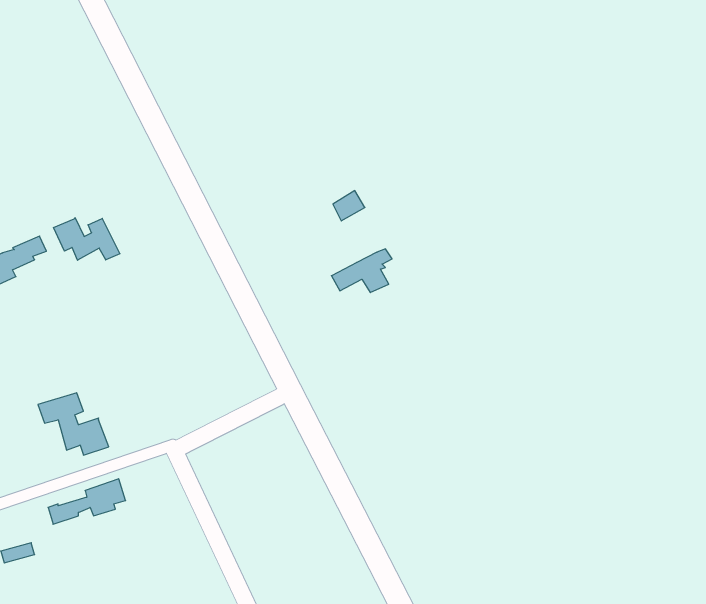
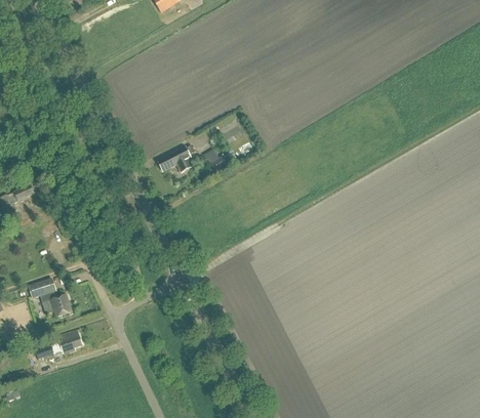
building: [53,218,120,260] -> none
building: [331,249,392,293] -> [157,144,194,171]

